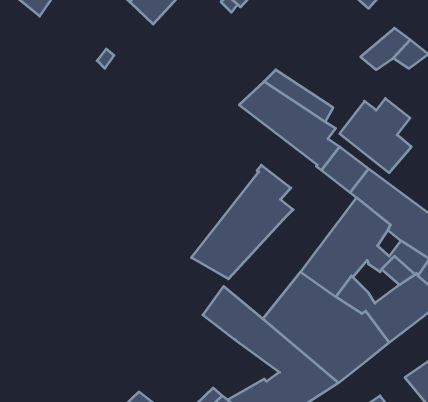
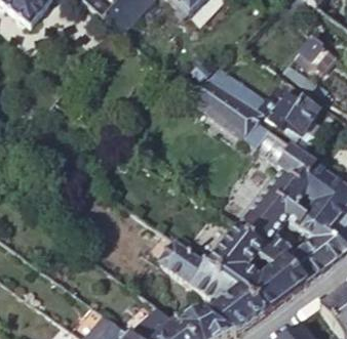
building: [191,165,293,279] -> none

